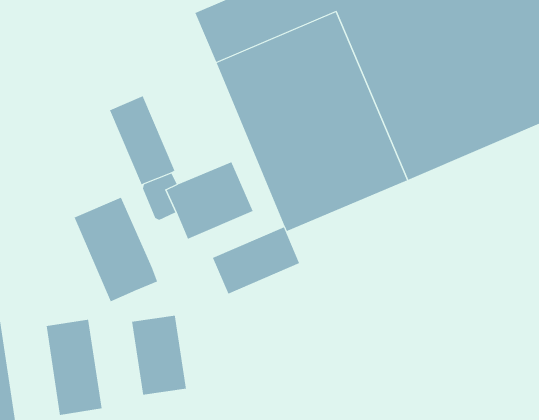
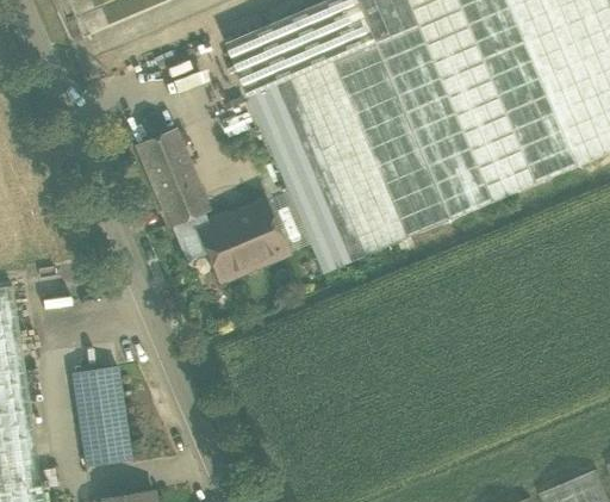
building: [74,197,158,302] -> none
building: [212,227,300,295] -> none
building: [131,315,186,396] -> none

